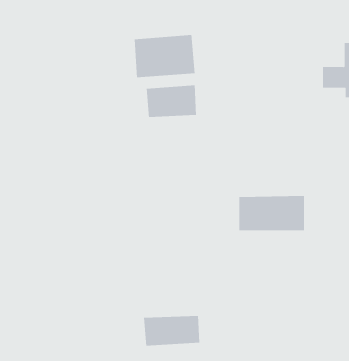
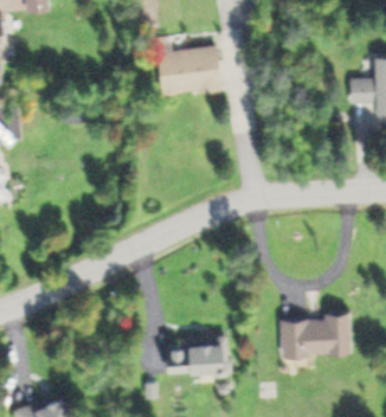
building: [146,84,196,118] -> none
building: [239,196,305,231] -> [284,315,353,352]

